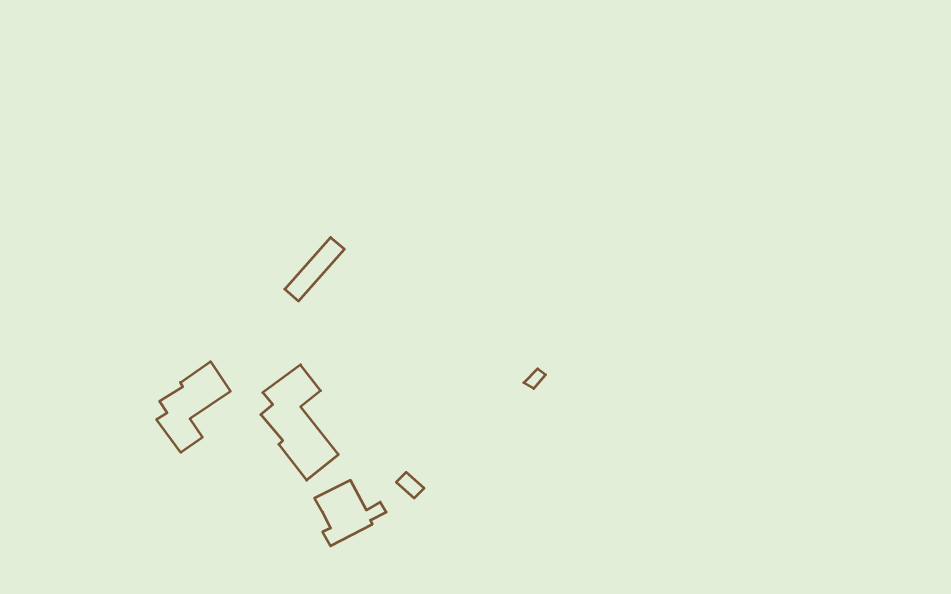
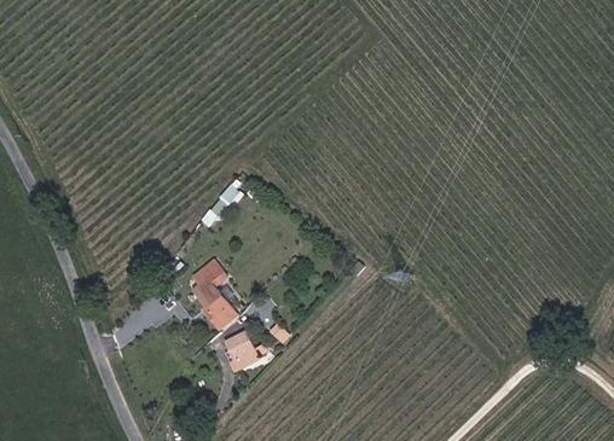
building: [157,362,230,452] -> none

